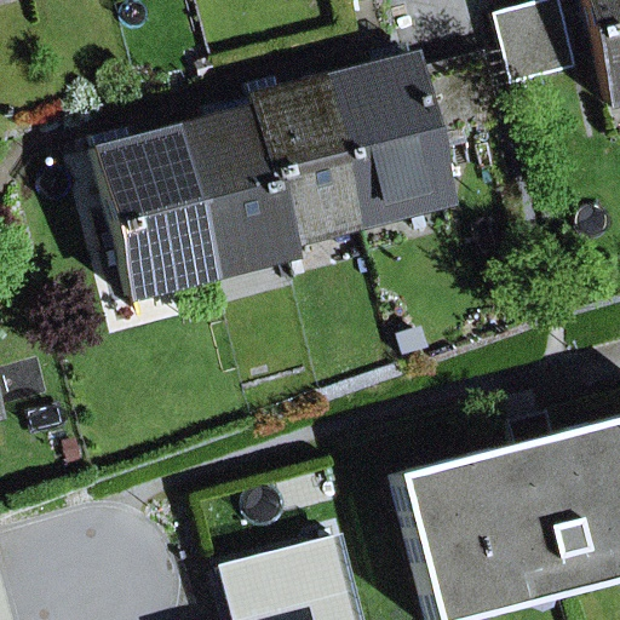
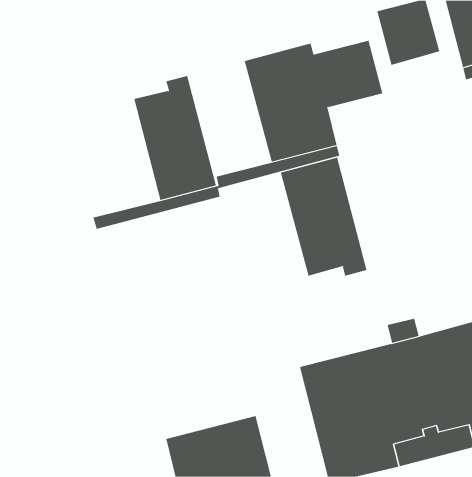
building: [247,78,358,241] -> none
building: [92,128,214,282] -> none
building: none -> [280,157,367,277]

